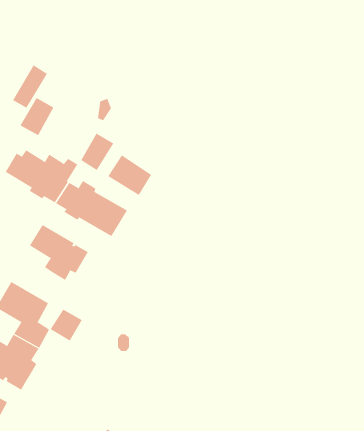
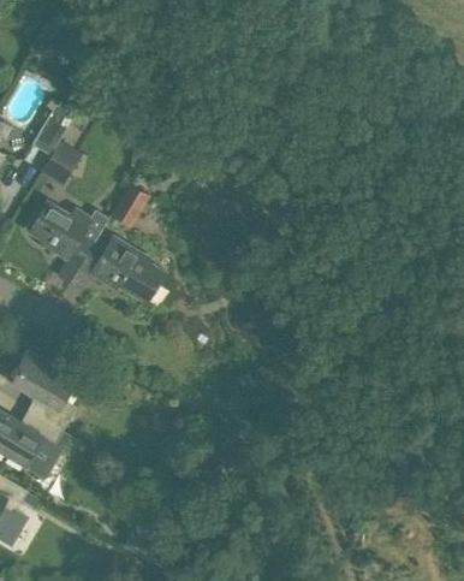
building: [108,155,152,196] -> none
building: [29,224,88,281] -> none
building: [50,309,82,342] -> none

